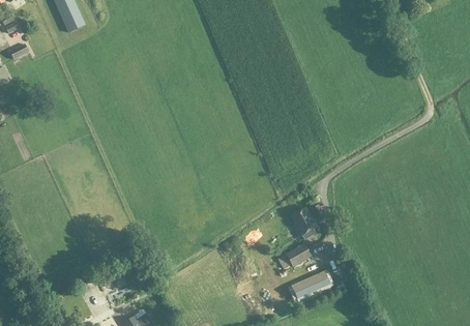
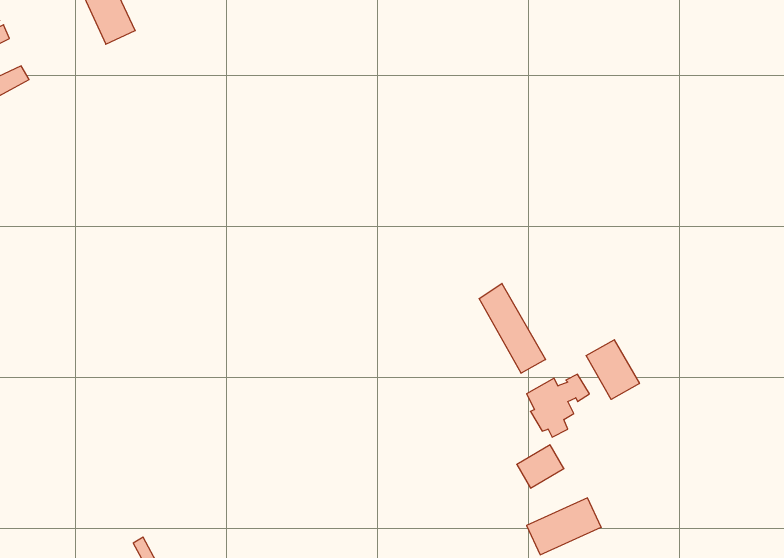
building: none -> [479,283,546,373]
building: none -> [586,340,639,399]

